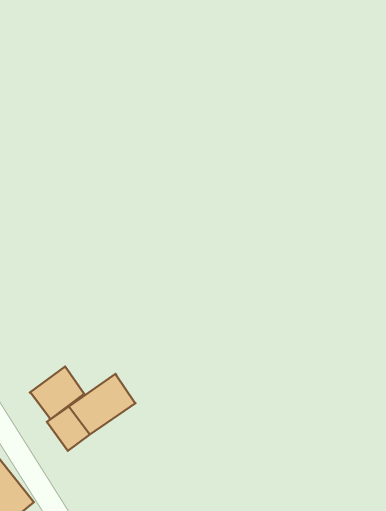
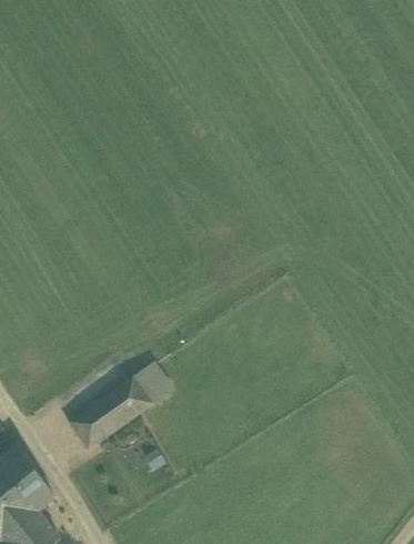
building: none -> [135,366,170,403]
building: [30,367,84,419] -> none

